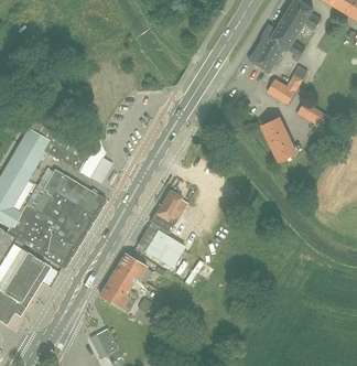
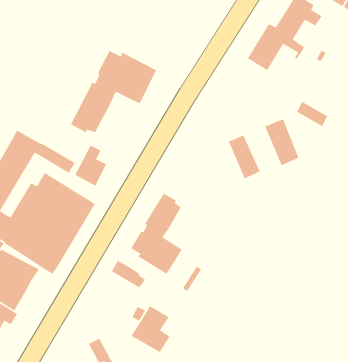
building: none -> [70,50,157,133]
building: [266,65,307,103] -> none
building: none -> [228,134,261,179]
building: [98,265,144,311] -> [130,305,178,353]

